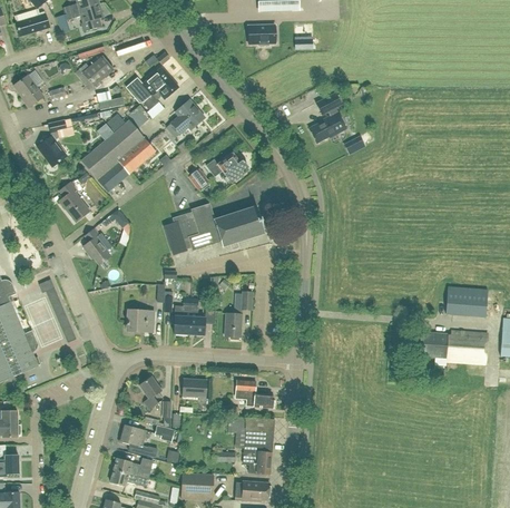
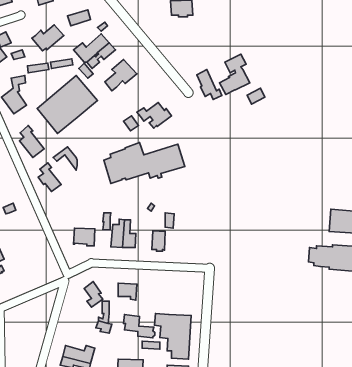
building: none -> [197,70,222,99]
building: [236,379,275,408] -> [124,315,155,338]
building: [119,424,154,456] -> none

